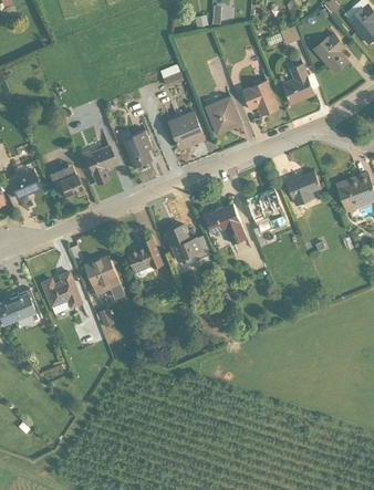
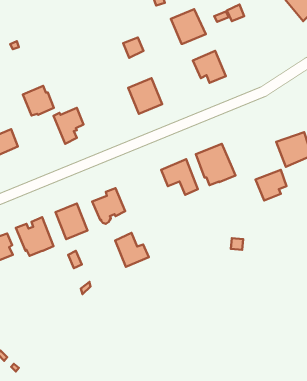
building: [311,32,347,73] -> none
building: [281,62,318,104] -> none
building: [202,95,242,135] -> [171,9,206,44]
building: [120,129,152,168] -> none
building: [46,164,82,198] -> [23,86,54,116]
building: [284,169,320,205] -> [256,170,287,201]
building: [164,222,202,261] -> [115,233,149,267]

